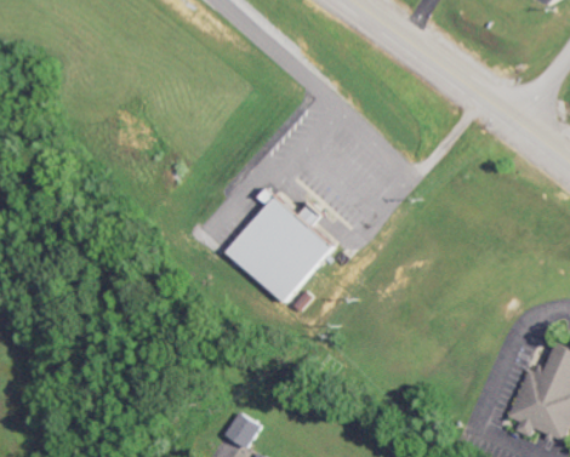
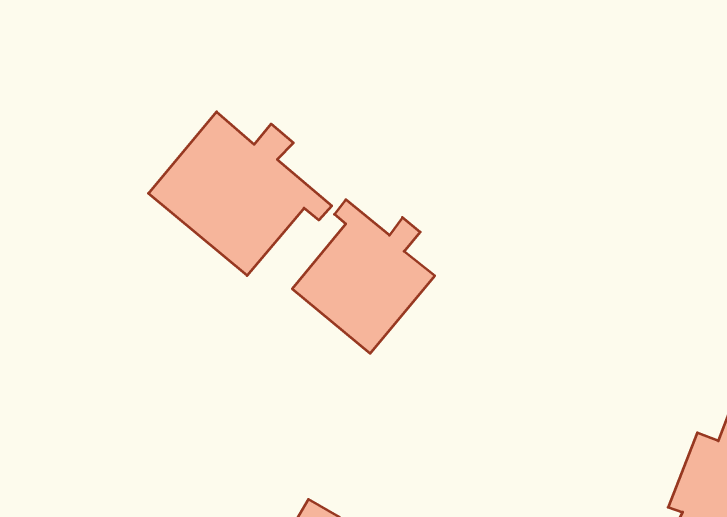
building: none -> [148,112,332,276]

